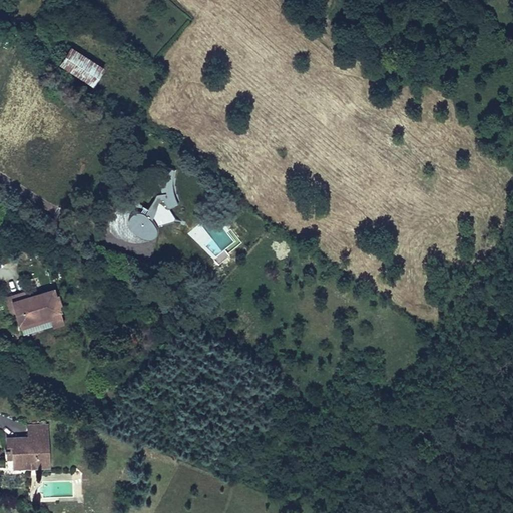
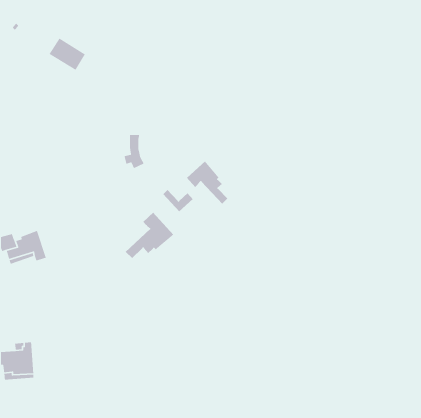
building: none -> [186,160,228,204]
building: [132,212,164,243] -> none
building: none -> [125,212,174,259]

